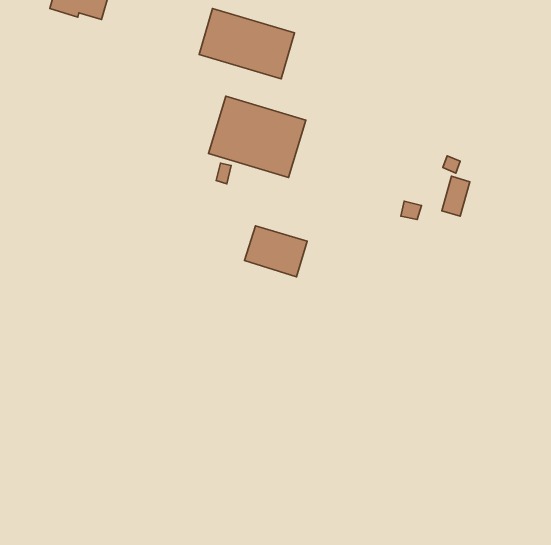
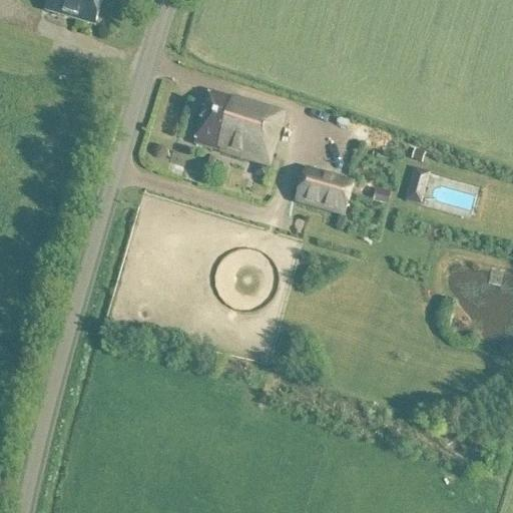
building: [199,9,295,79] -> none
building: [245,226,307,277] -> [295,167,353,214]

